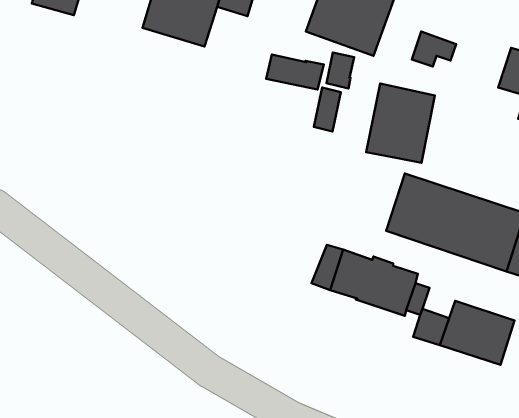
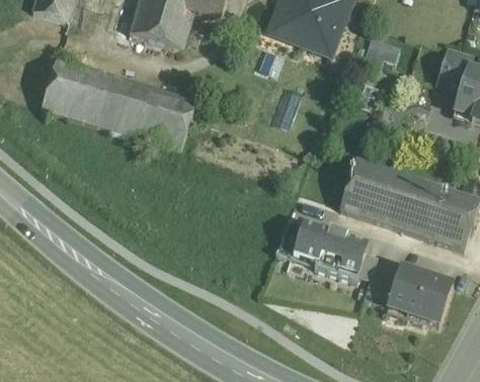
building: [327,52,354,88] -> none
building: [266,55,324,90] -> none
building: none -> [42,57,196,151]
building: [366,84,435,163] -> none

